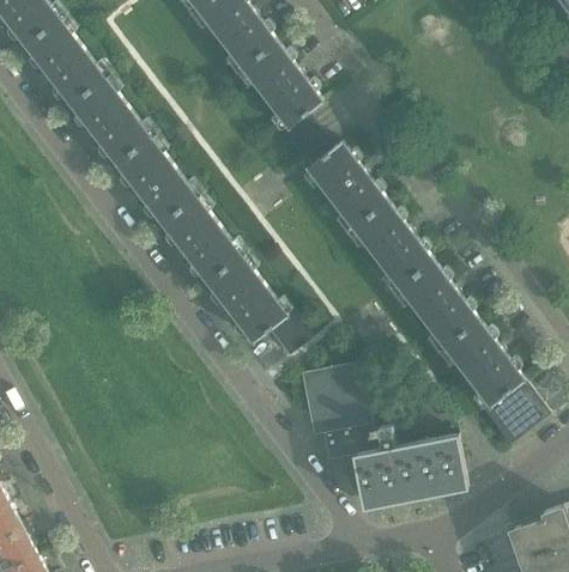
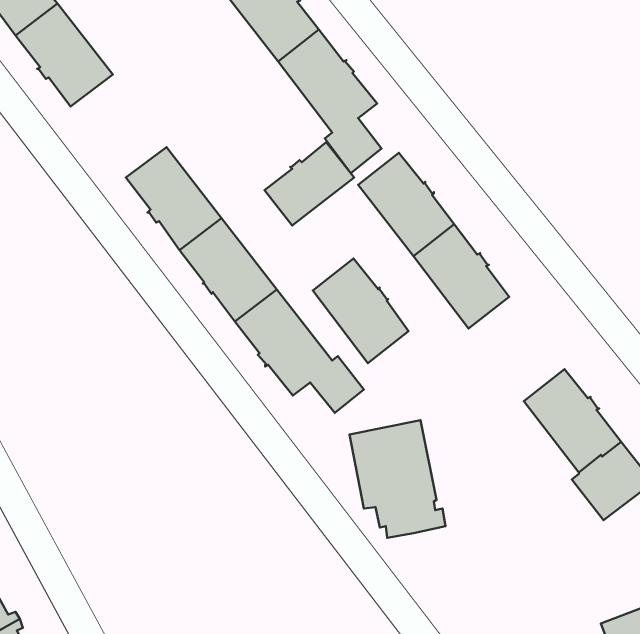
building: [69,78,149,163] -> none
building: none -> [264,142,354,225]
building: [398,261,477,347] -> [313,259,409,363]
building: [352,426,467,509] -> none

